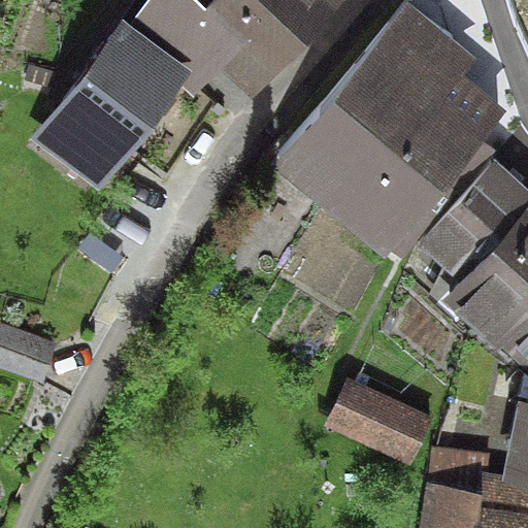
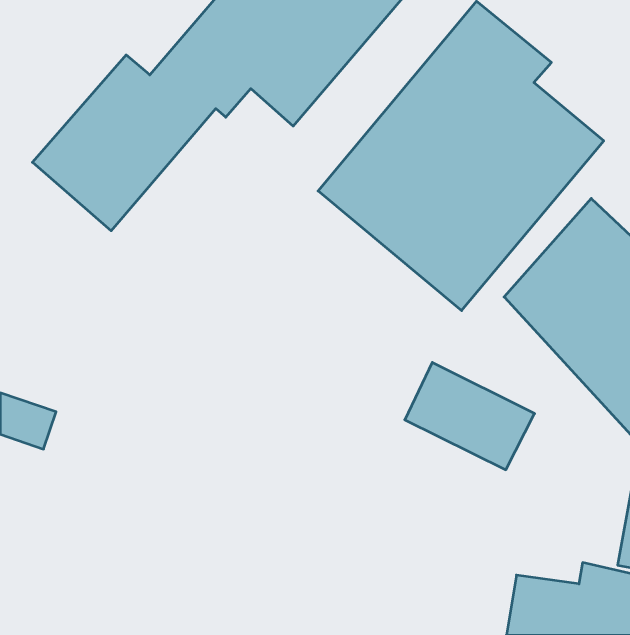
building: [323,373,430,462] -> [405,362,535,470]

